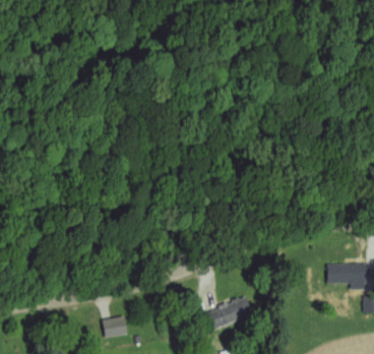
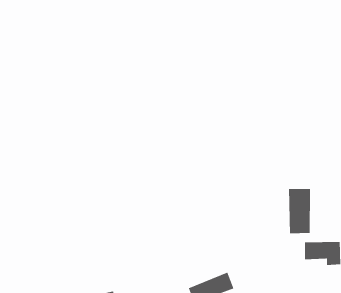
building: none -> [288,188,311,234]

